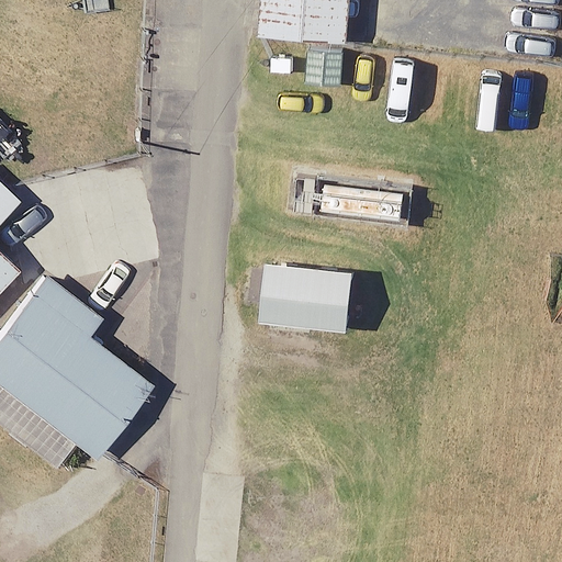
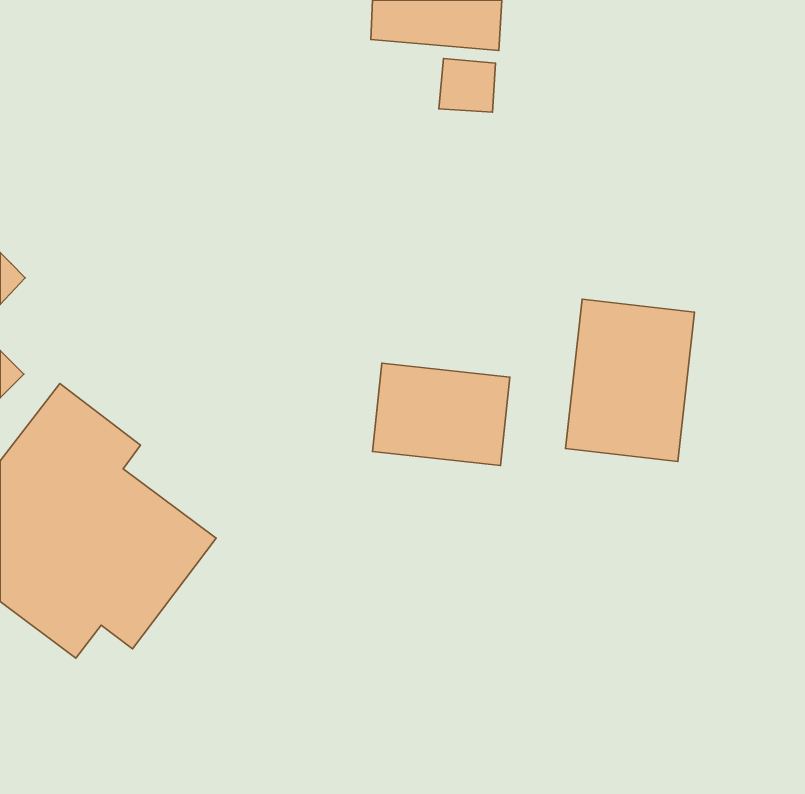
building: none -> [566,299,694,461]

